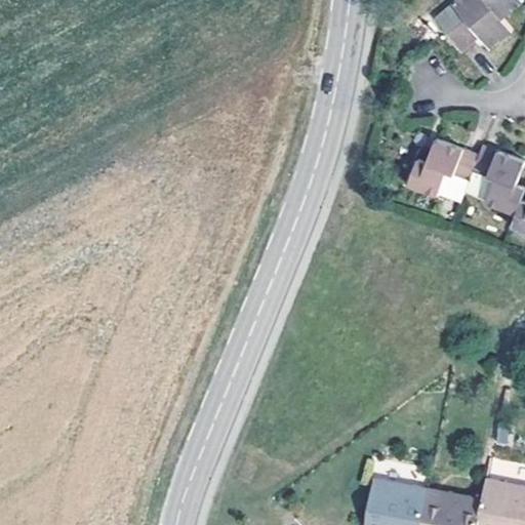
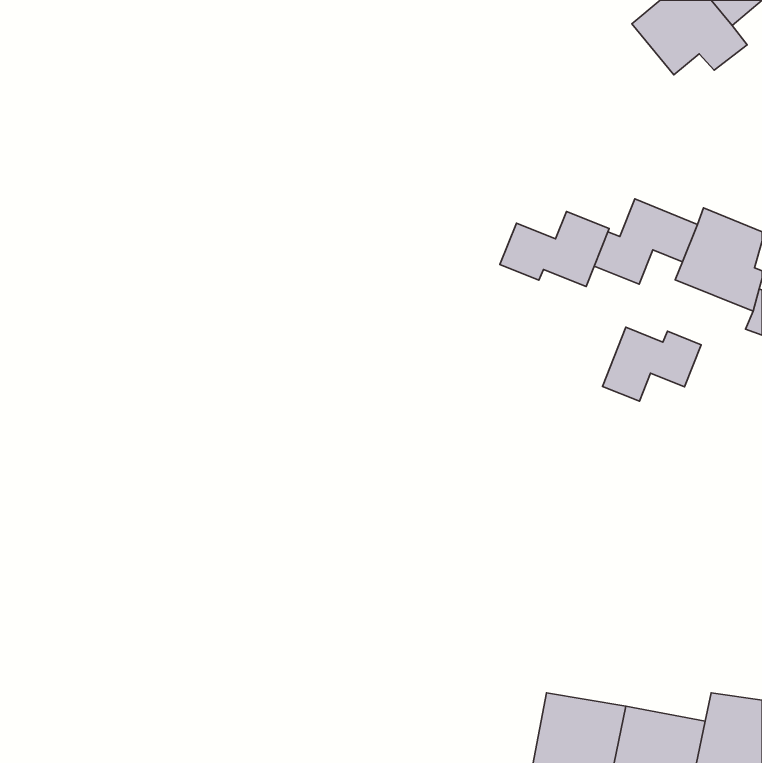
building: none -> [500,211,609,286]
building: none -> [602,327,701,401]

